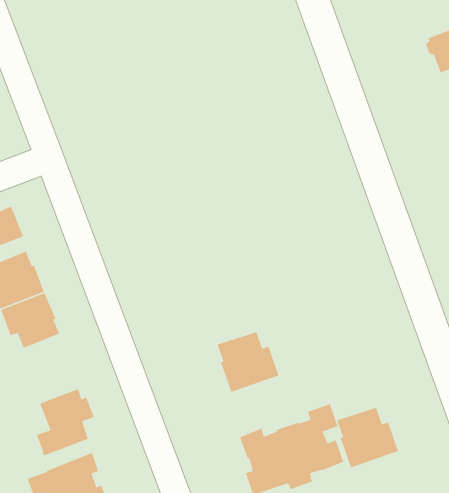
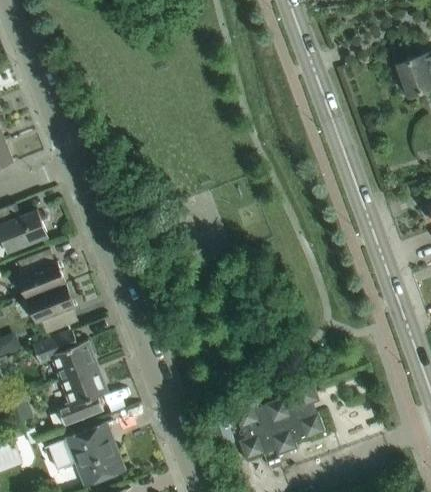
building: [216,331,279,393] -> none
building: none -> [32,330,94,381]
building: [336,407,399,468] -> none

